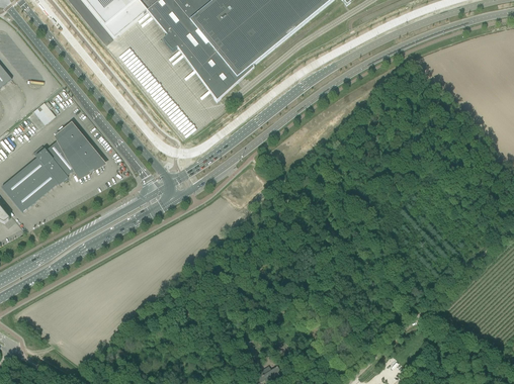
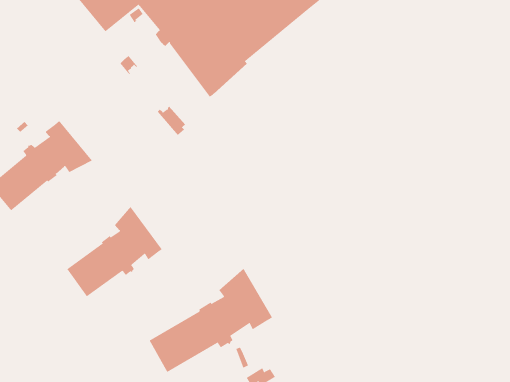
building: none -> [66,206,162,297]
building: none -> [149,268,273,373]

